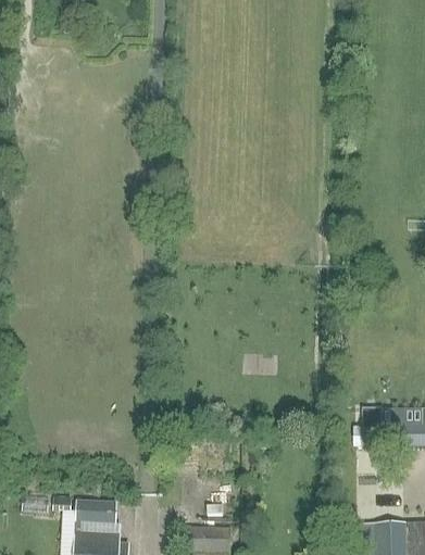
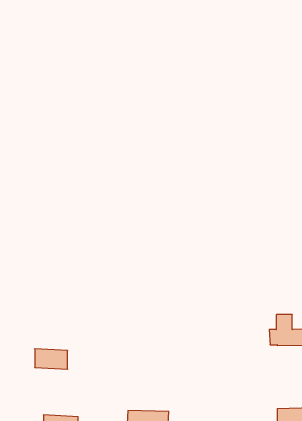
building: [76,500,116,525] -> [35,349,68,369]

